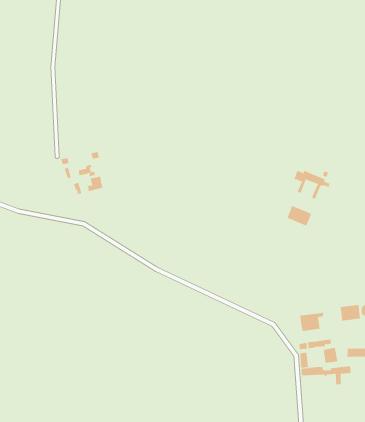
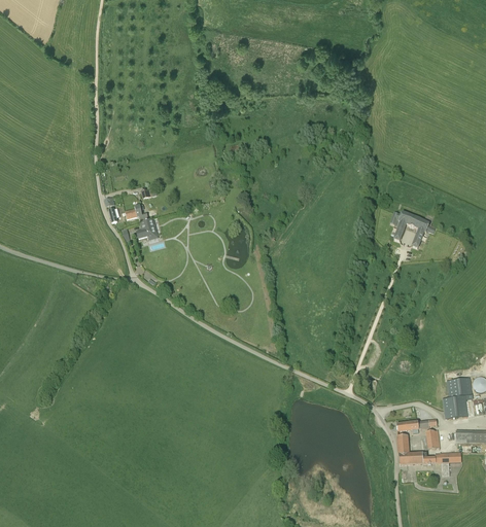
building: [287,205,312,226] -> none
building: [300,312,324,332] -> [443,394,473,418]

